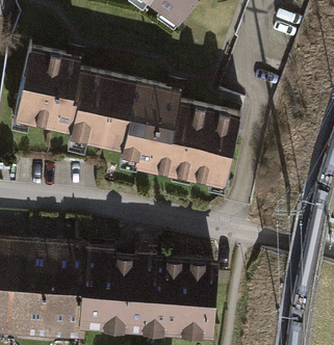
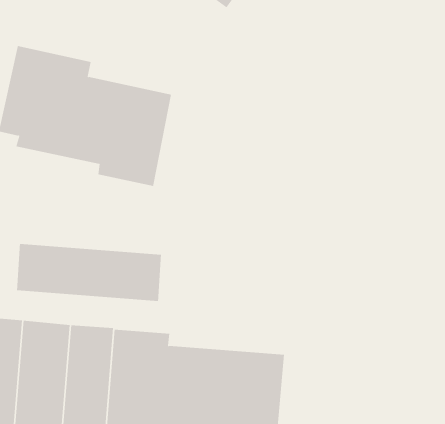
building: [124,84,239,181] -> none
building: none -> [16,243,162,302]

